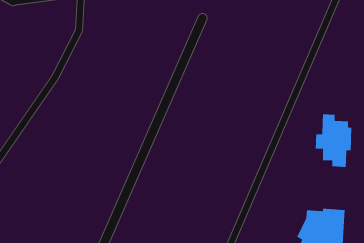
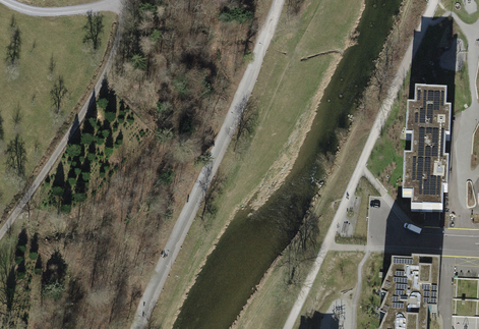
building: none -> [406,89,450,150]

